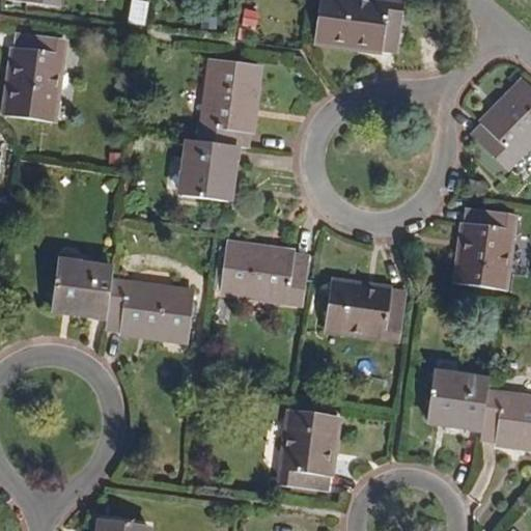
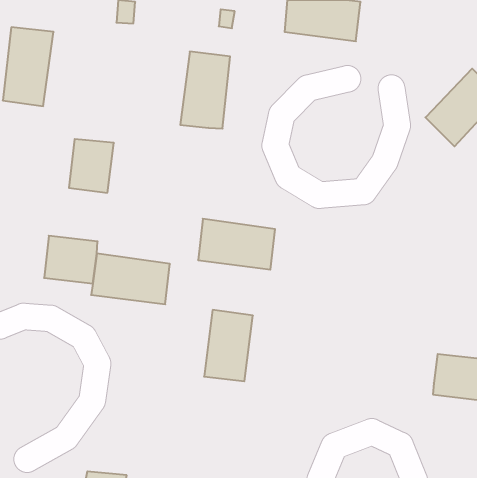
building: [184,139,233,198] -> [69,139,114,193]
building: [456,205,512,285] -> none
building: [326,282,404,338] -> none
building: [428,374,488,425] -> none
building: [281,412,335,491] -> [204,310,253,381]

